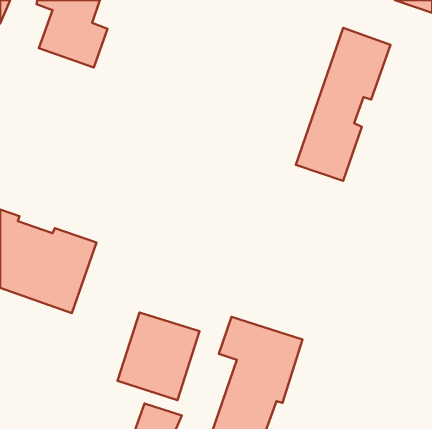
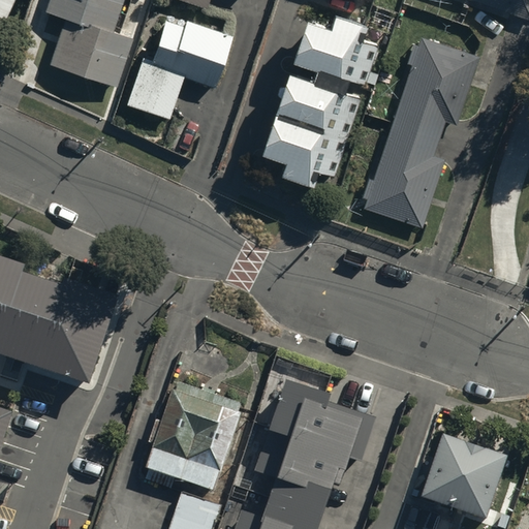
building: none -> [261,10,363,179]
building: none -> [124,12,231,119]
building: none -> [425,437,509,520]

